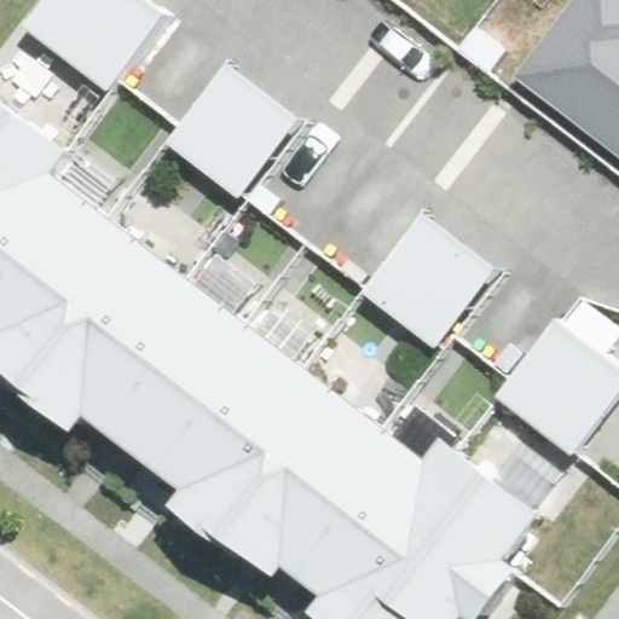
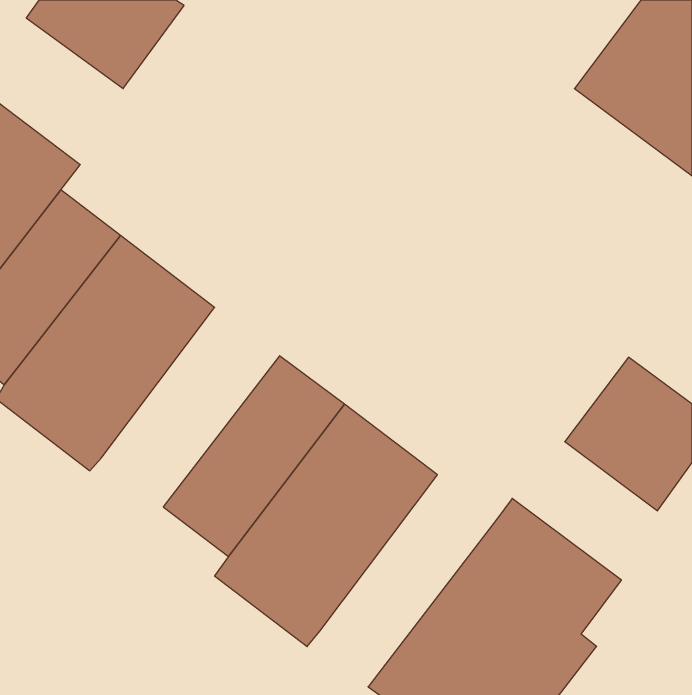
building: [167,68,297,197] -> none
building: [363,218,493,347] -> none
building: [88,279,244,453] -> none
building: [279,426,434,600] -> none

